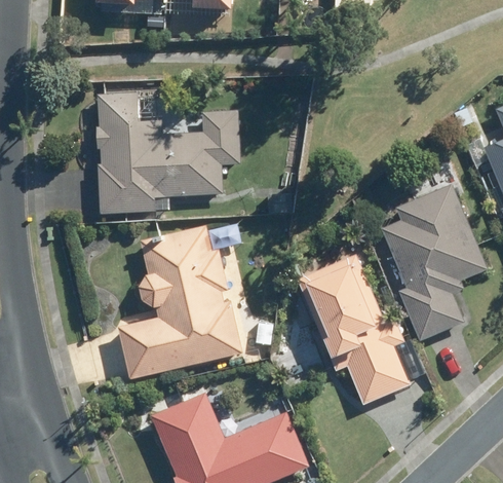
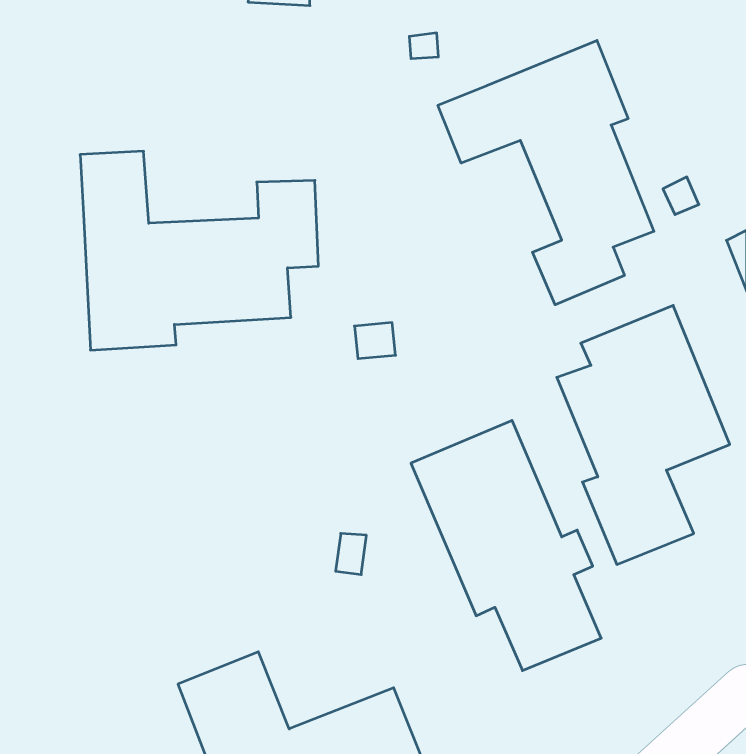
building: none -> [438,40,654,305]
building: [118,227,242,378] -> none

